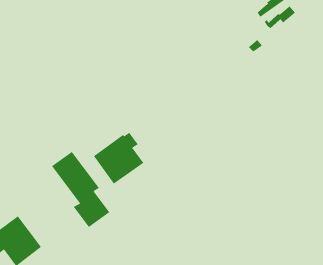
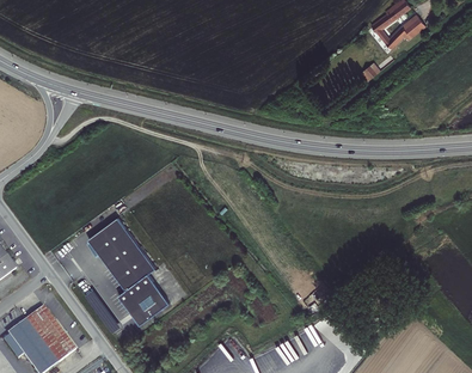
building: [93,132,144,185] -> none

